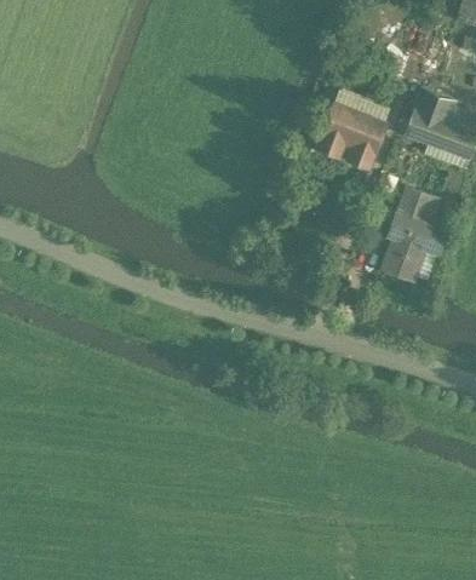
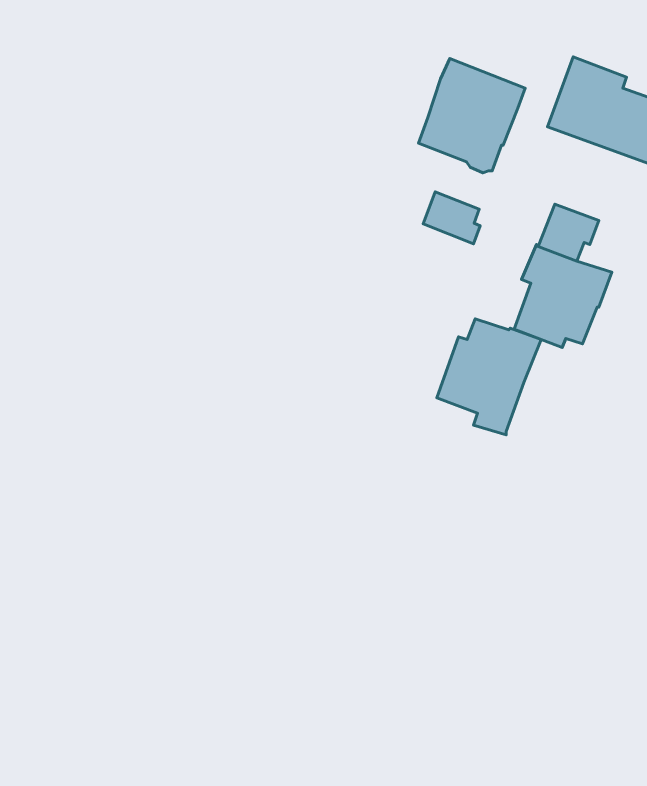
building: none -> [423,192,480,244]
building: none -> [437,319,541,435]

